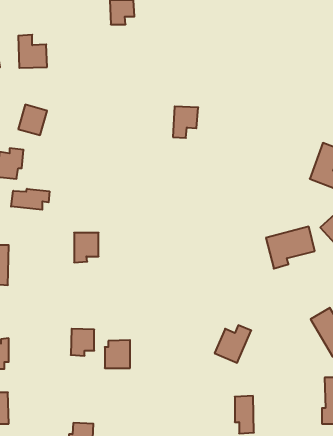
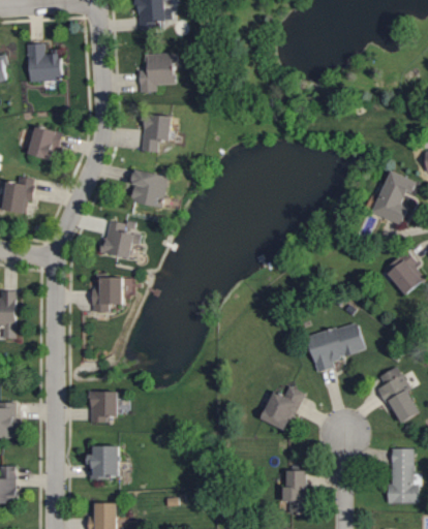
building: none -> [139,53,174,92]
building: [173,106,198,138] -> [142,115,172,152]
building: none -> [130,168,167,208]
building: none -> [102,220,134,257]
building: [11,189,49,210] -> none
building: [266,227,315,269] -> [307,322,365,372]
building: [105,340,130,368] -> [89,445,119,478]

